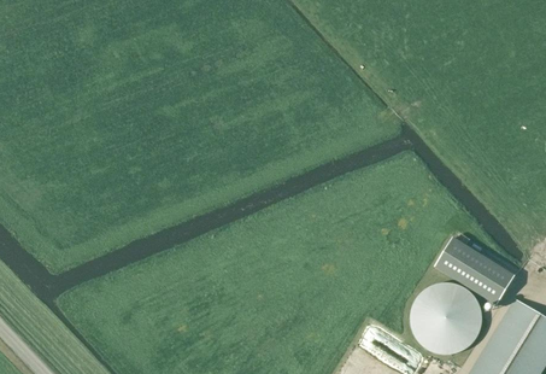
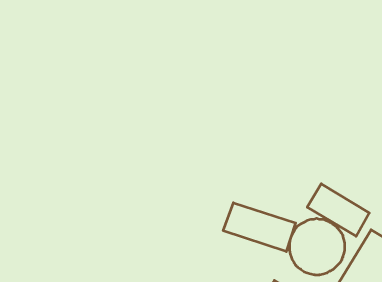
building: none -> [223,203,296,252]

